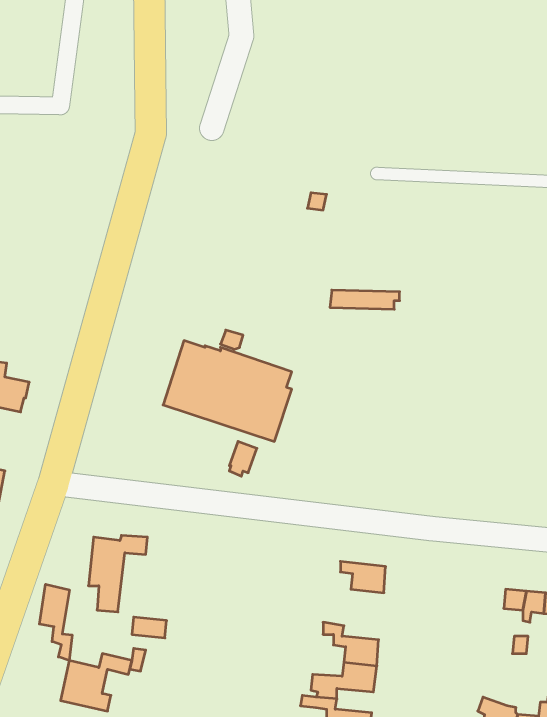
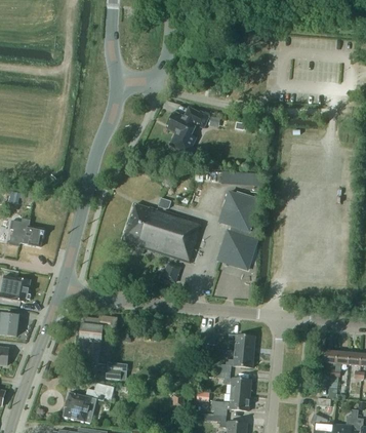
building: none -> [166,107,207,154]
building: none -> [215,190,259,271]
building: [39,584,72,661] -> none
building: none -> [217,350,253,371]

